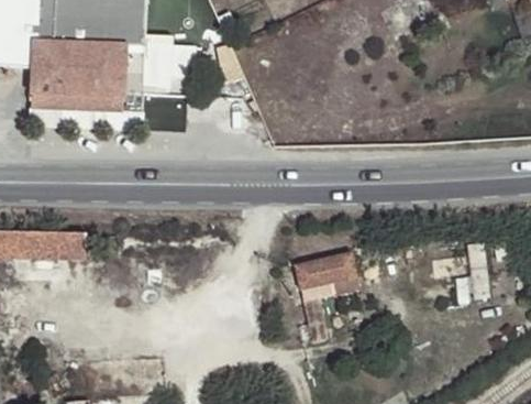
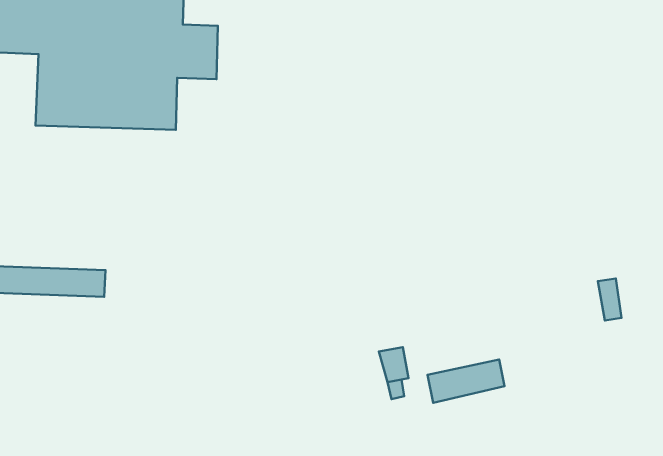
building: [292,253,353,287] -> [428,359,505,403]

